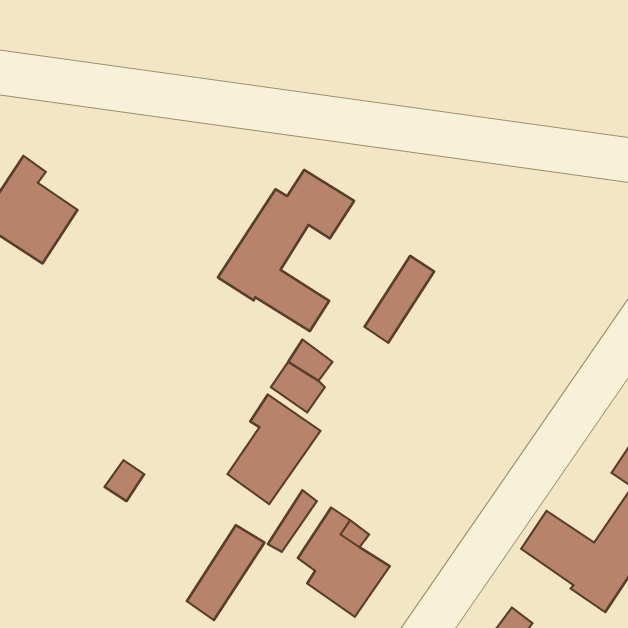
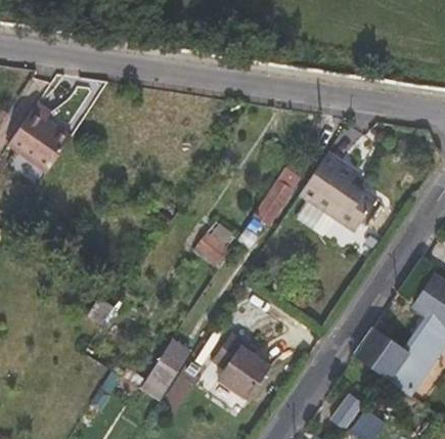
building: [218,170,354,331] -> none
building: none -> [299,151,376,231]
building: [228,395,320,504] -> none

